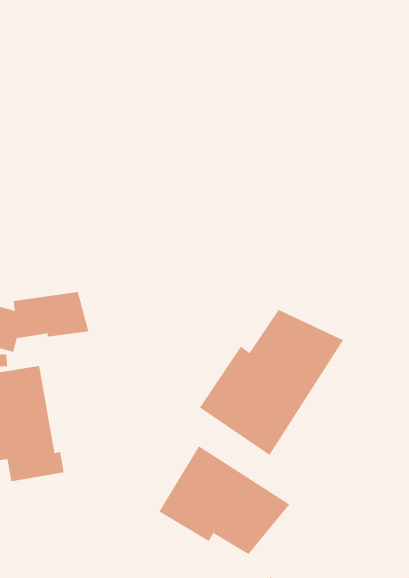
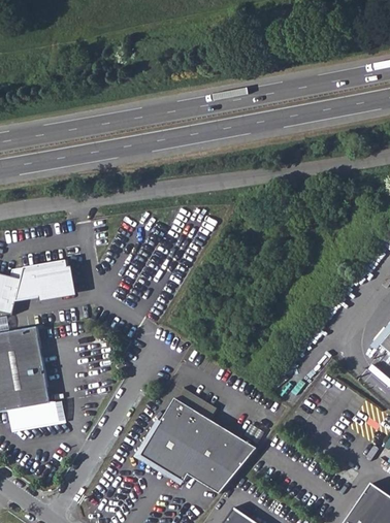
building: [199,309,344,456] -> none

